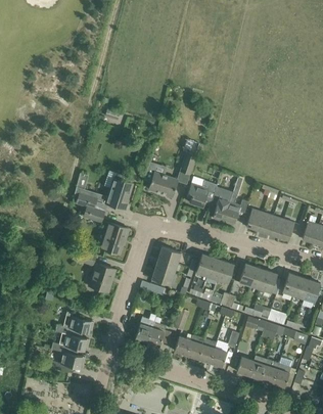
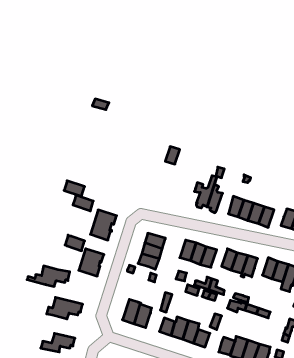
building: [143,170,178,197] -> none
building: [105,173,132,210] -> none
building: [186,182,216,208] -> none
building: [44,333,89,355] -> [27,266,70,286]

